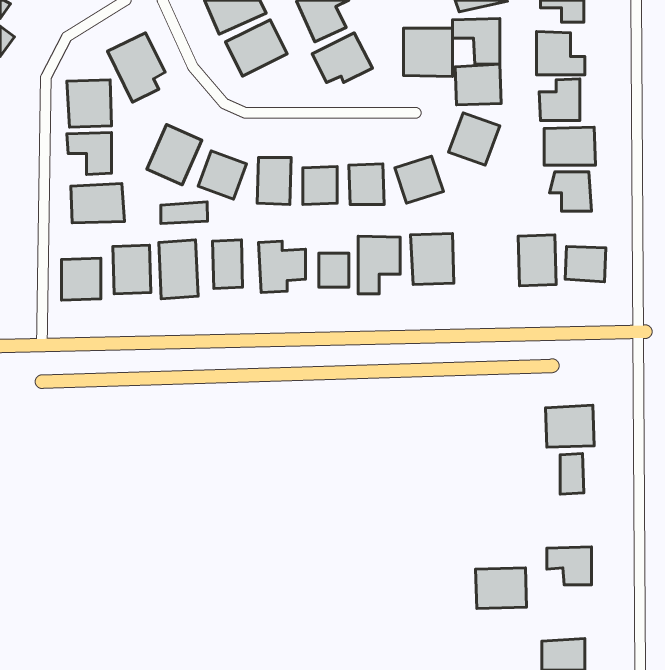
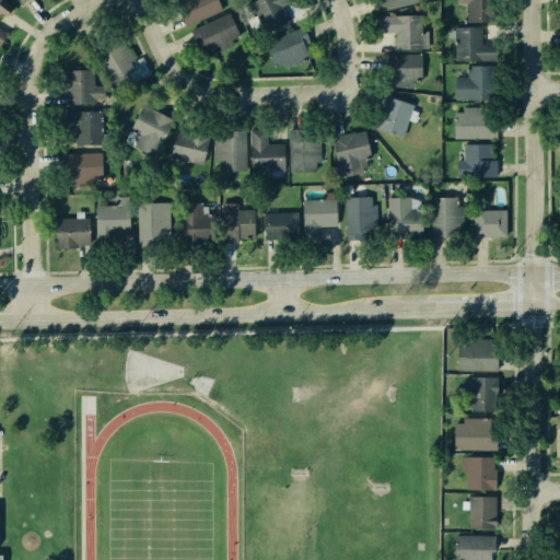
building: [403,28,453,77] -> none
building: [161,202,207,223] -> none
building: none -> [386,195,425,243]
building: [476,568,527,608] -> [454,418,497,452]
building: none -> [474,495,499,528]

